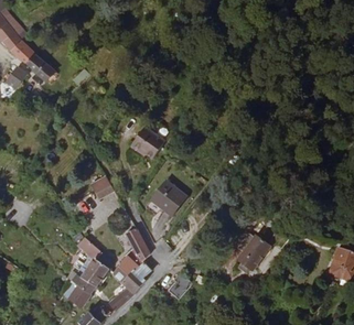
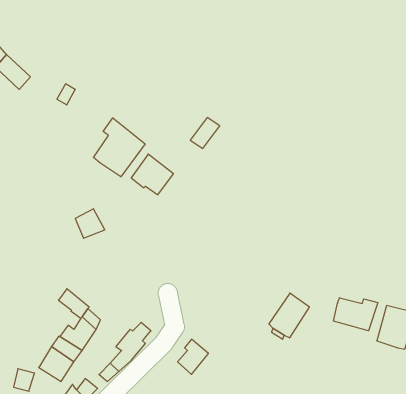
building: none -> [93,118,145,177]
building: [144,182,185,218] -> none
building: [110,226,146,281] -> none
building: none -> [334,298,378,331]

